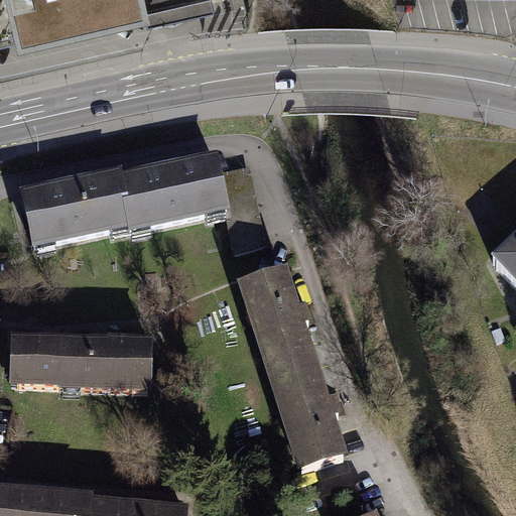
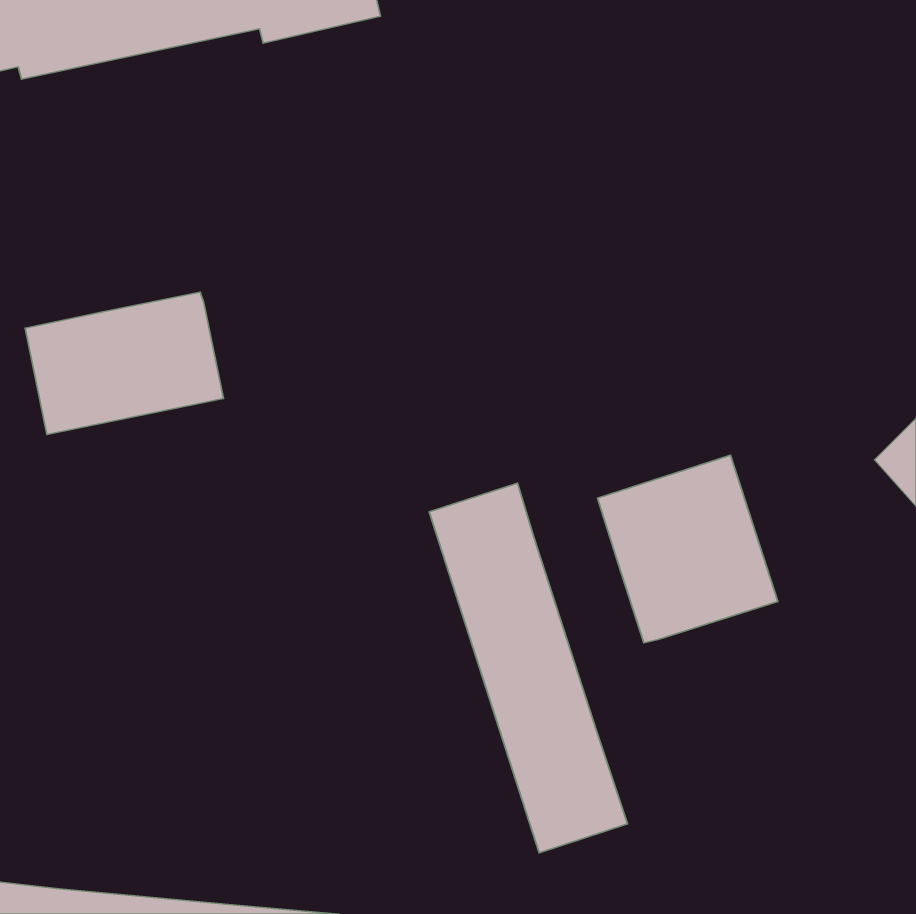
building: [114,149,256,250] -> none
building: none -> [598,455,778,643]
building: [10,339,153,394] -> none

